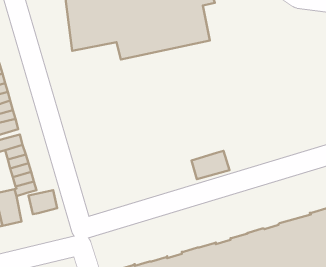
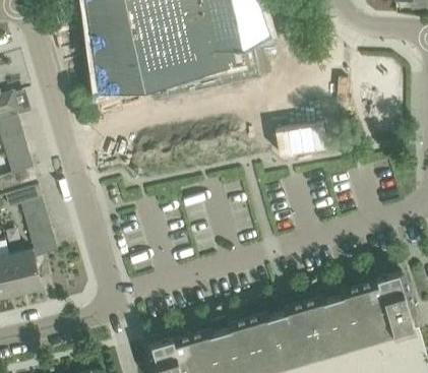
building: [191,151,229,179] -> none
building: [28,190,57,214] -> none

